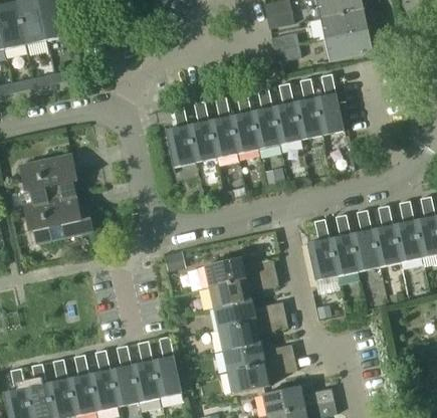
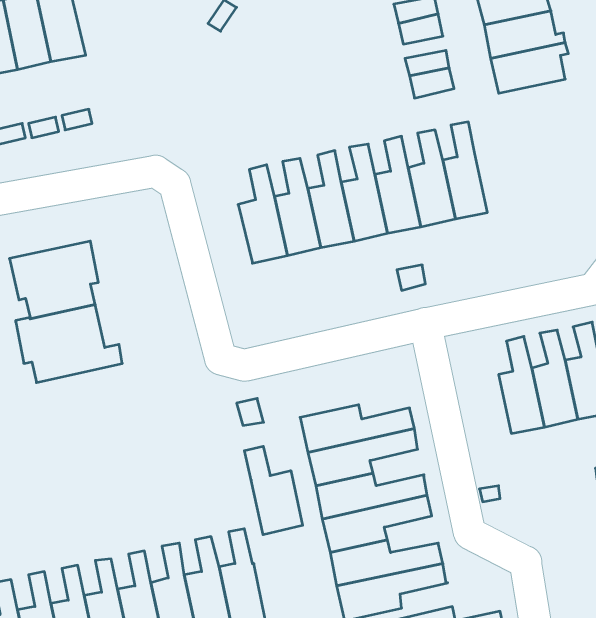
building: [314,73,344,136] -> none
building: [306,219,338,280] -> none
building: none -> [244,446,303,535]

